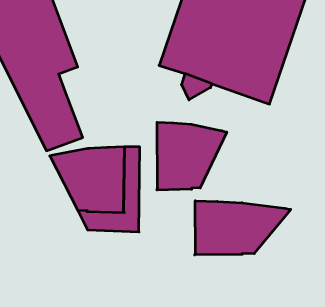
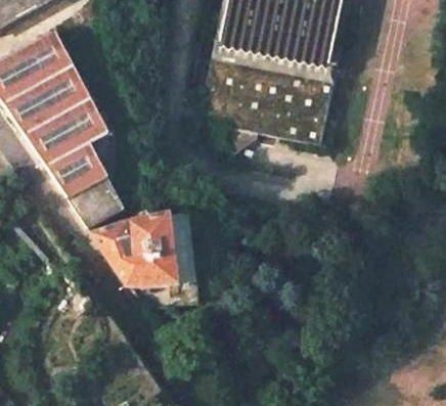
building: [157,122,227,190] -> none
building: [195,201,291,255] -> none

